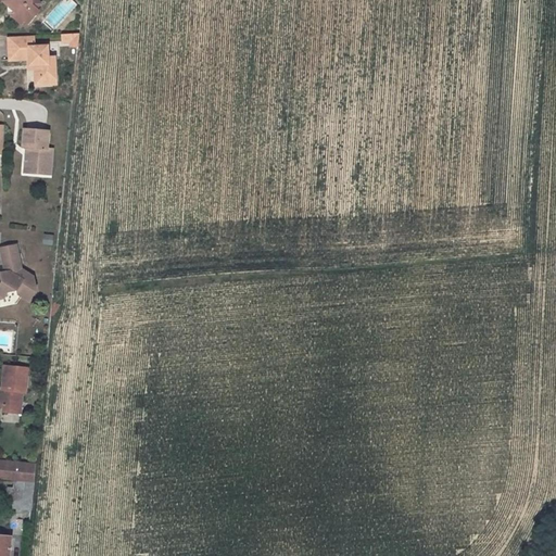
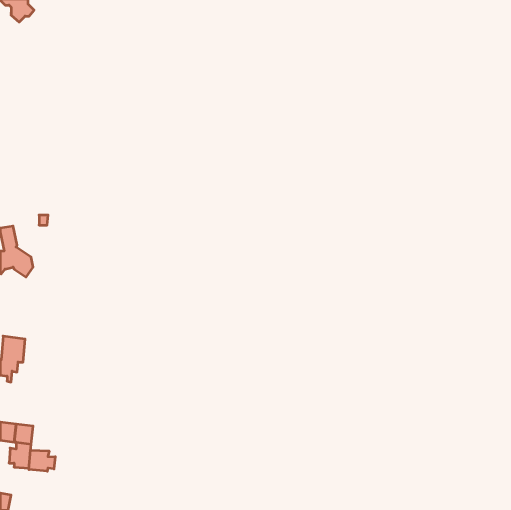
building: [8,36,55,86] -> none
building: [20,129,51,174] -> none
building: none -> [29,450,55,471]

